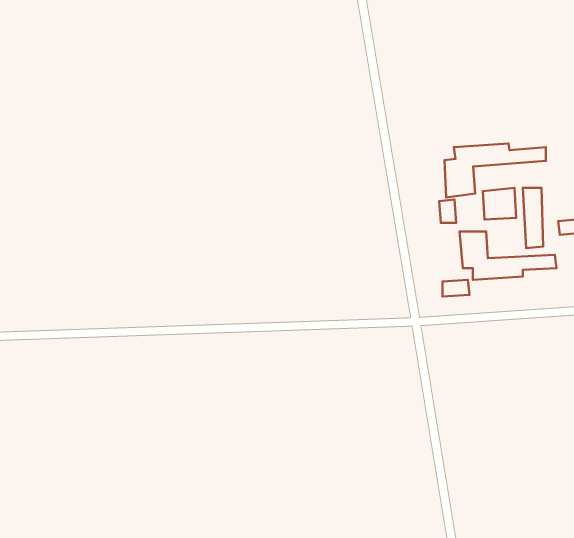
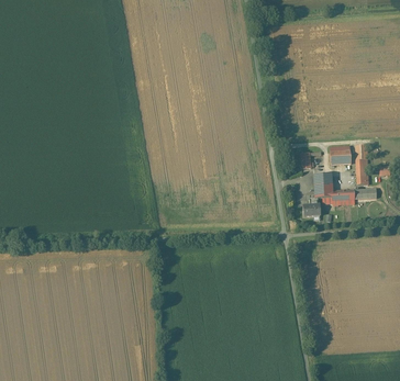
building: [445,143,546,197] -> none

